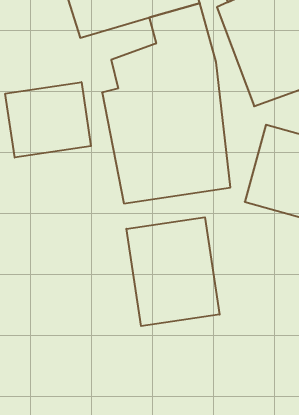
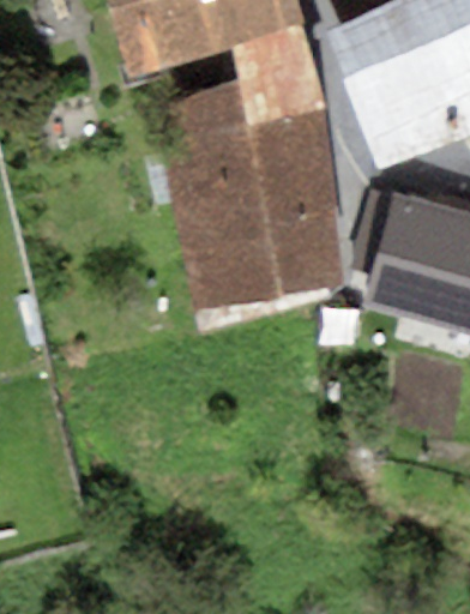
building: [5,82,91,158] -> none
building: [126,217,220,326] -> none

